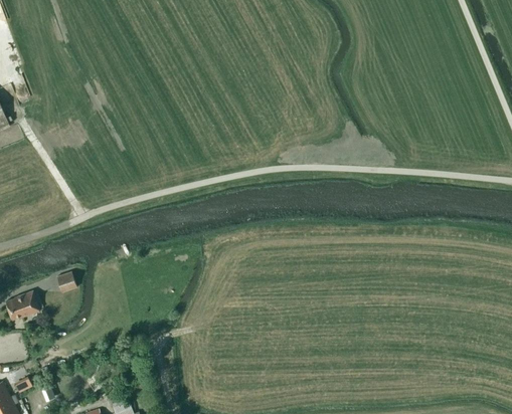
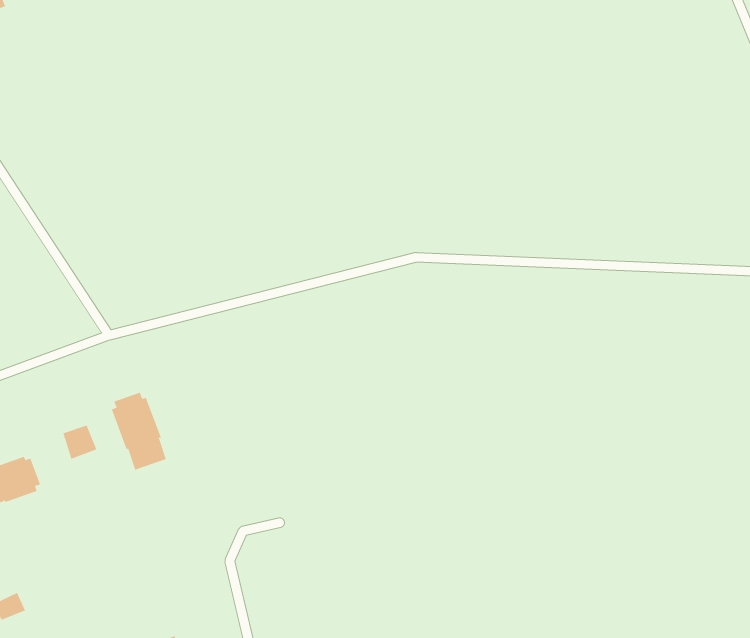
building: none -> [111,392,166,471]

